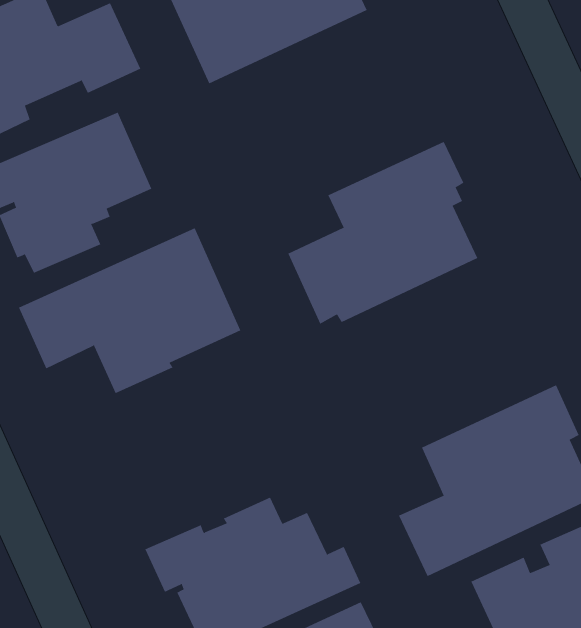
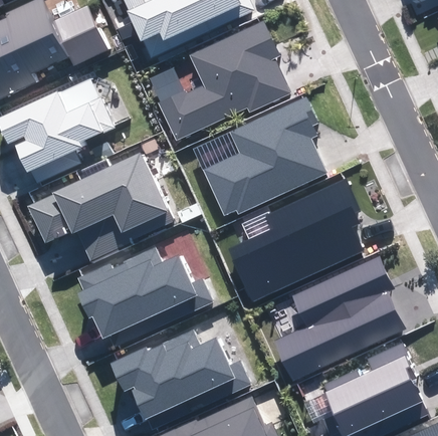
building: none -> [159,19,290,139]
building: none -> [229,178,363,301]
building: none -> [75,246,212,346]

